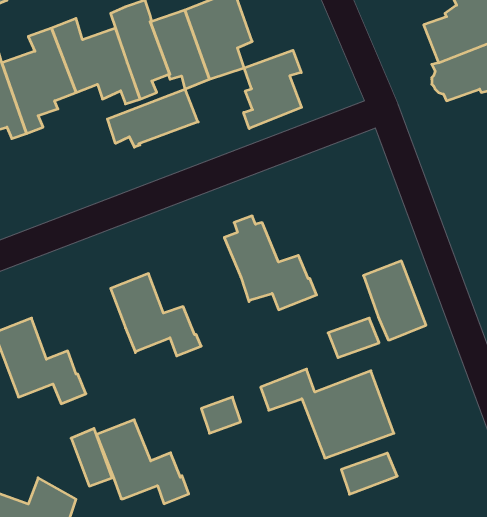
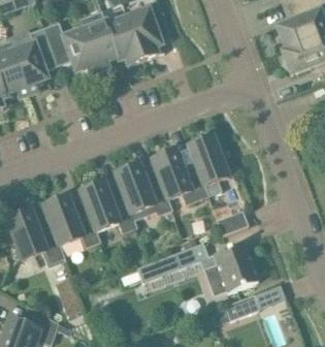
building: [244,50,302,129] -> none
building: [107,89,198,147] -> none
building: none -> [116,163,172,220]
building: [363,261,426,340] -> [189,135,228,185]
building: [96,420,189,504] -> [43,195,101,248]

